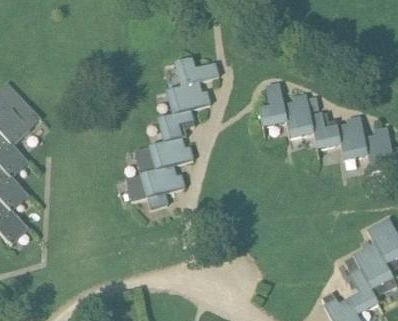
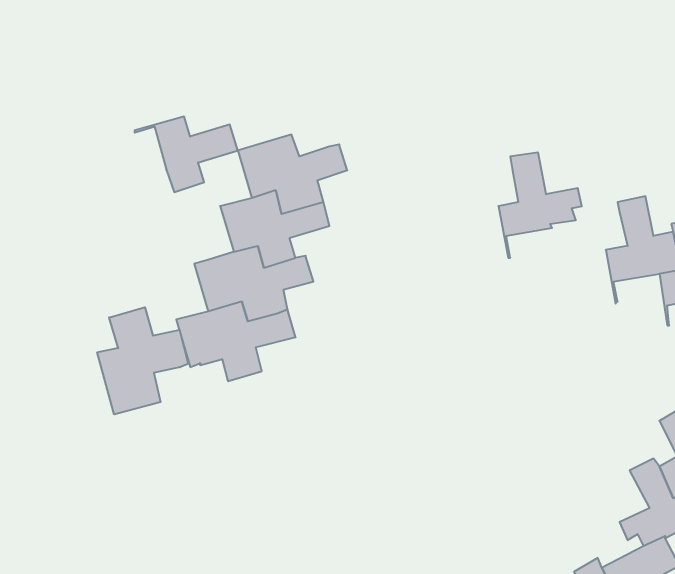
building: [167,58,219,96] -> [135,117,238,192]
building: [260,83,297,136] -> none
building: [313,124,352,158] -> none
building: none -> [97,307,188,414]

